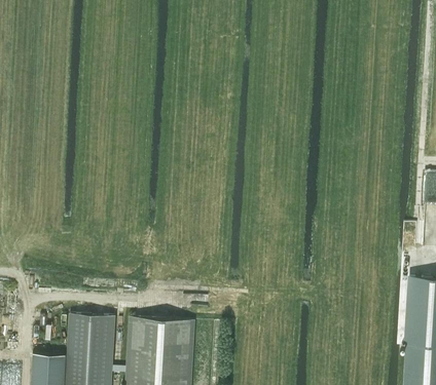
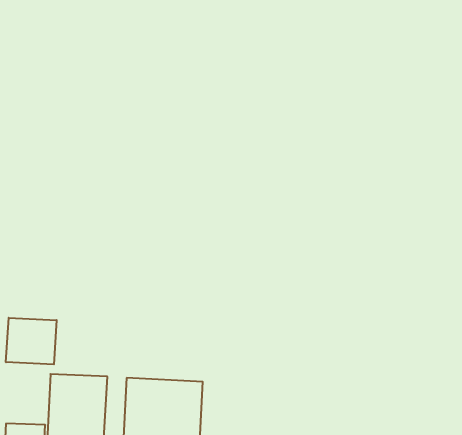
building: none -> [6,318,57,364]

